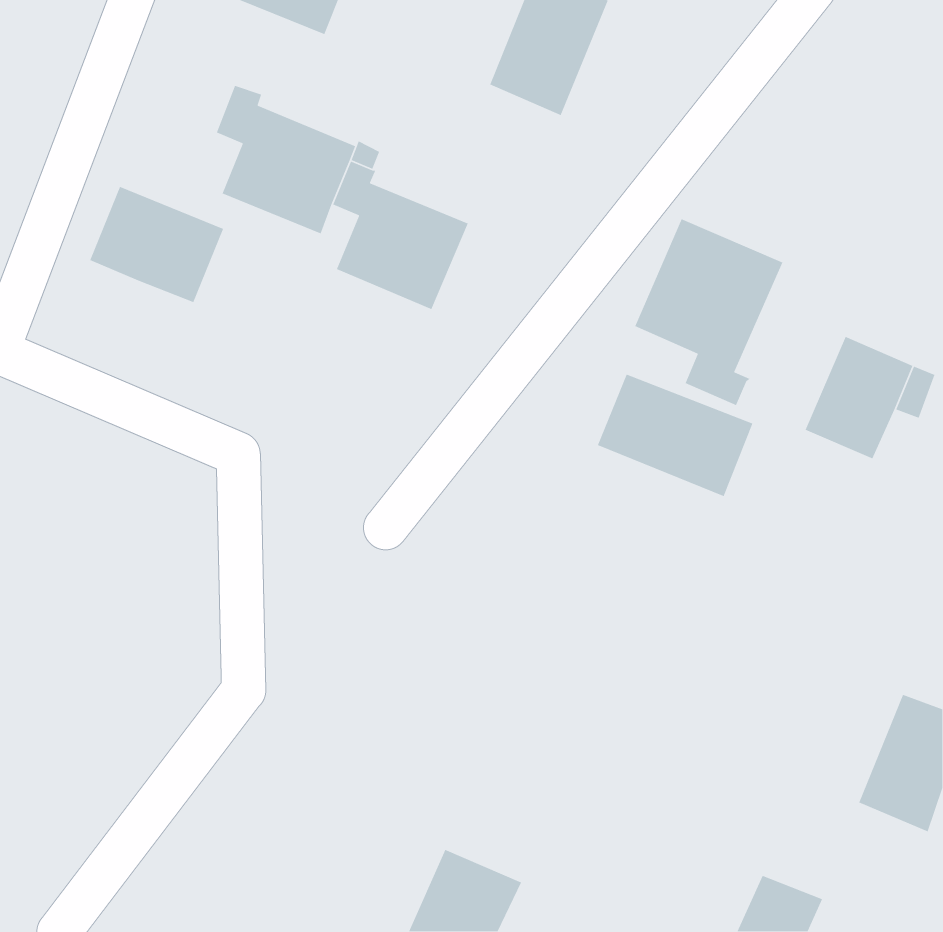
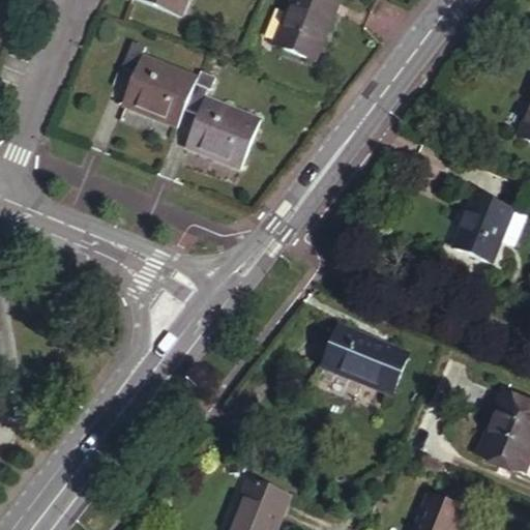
building: [89,186,224,303] -> none
building: [634,218,784,406] -> none
building: [597,373,754,497] -> [324,323,412,392]

